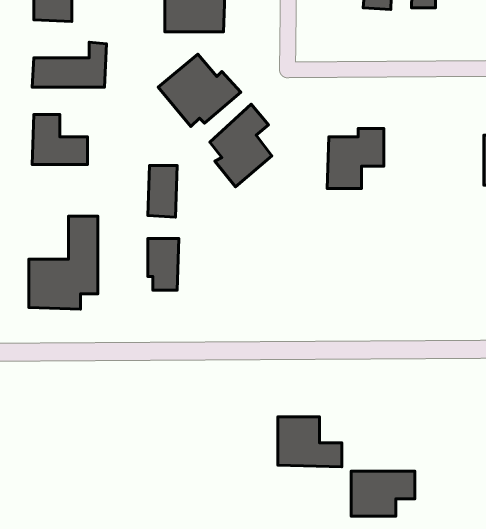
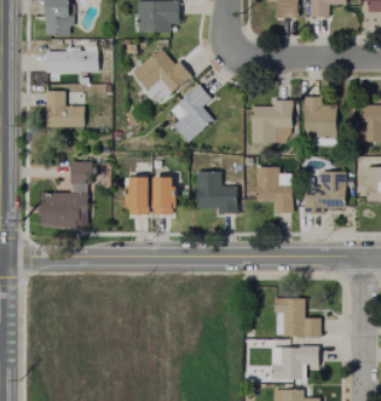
building: none -> [305,98,335,147]
building: [148,165,177,217] -> [154,181,174,217]
building: none -> [256,168,293,214]
building: none -> [196,173,237,214]
building: none -> [305,173,345,214]
building: [278,417,342,467] -> [272,296,317,331]

